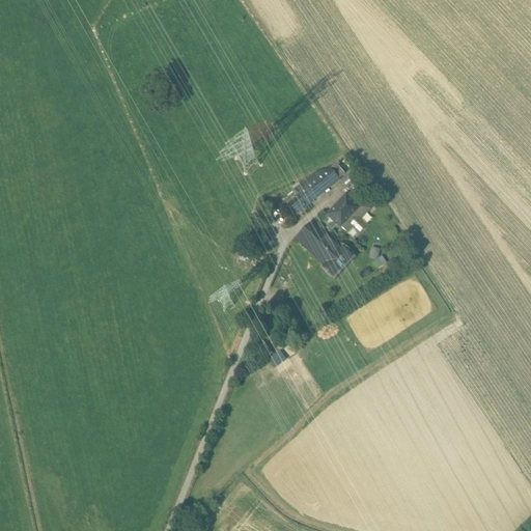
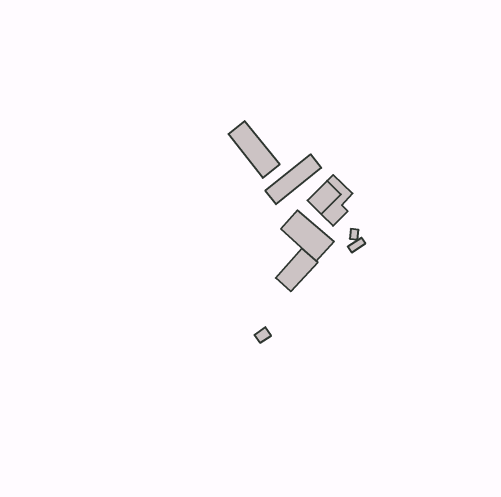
building: none -> [228,121,280,178]
building: none -> [276,248,318,291]

